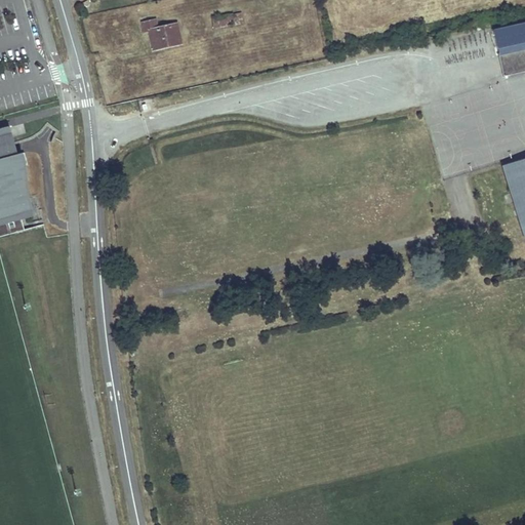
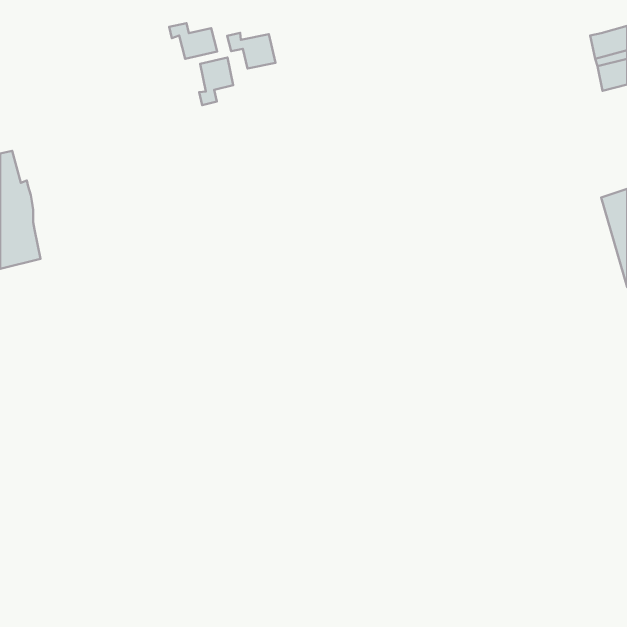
building: none -> [227,33,275,69]
building: none -> [199,57,233,105]

